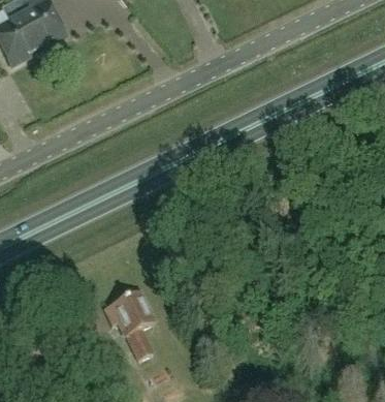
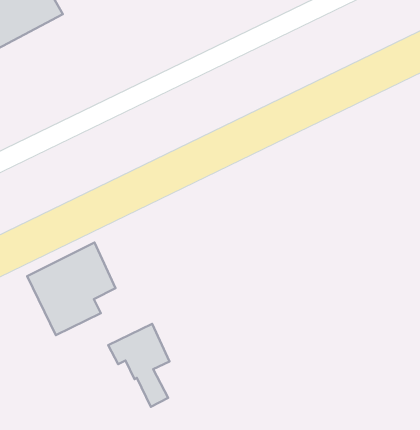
building: none -> [27,243,116,335]

